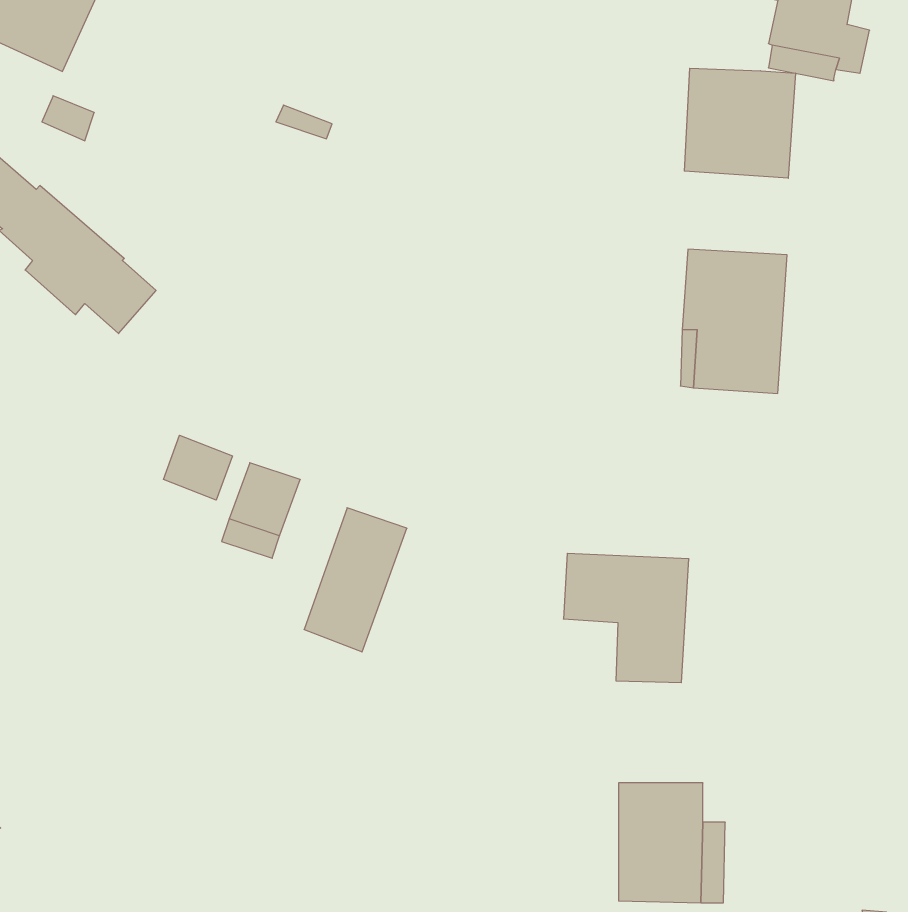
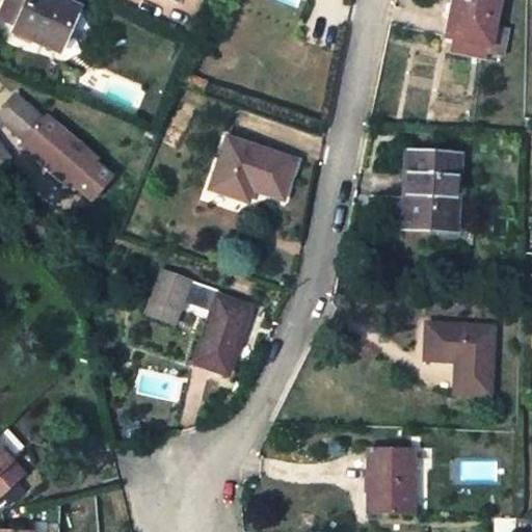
building: [684,68,795,178] -> none
building: none -> [210,136,295,202]
building: [163,435,232,500] -> none
building: [563,553,689,683] -> [425,322,495,394]

